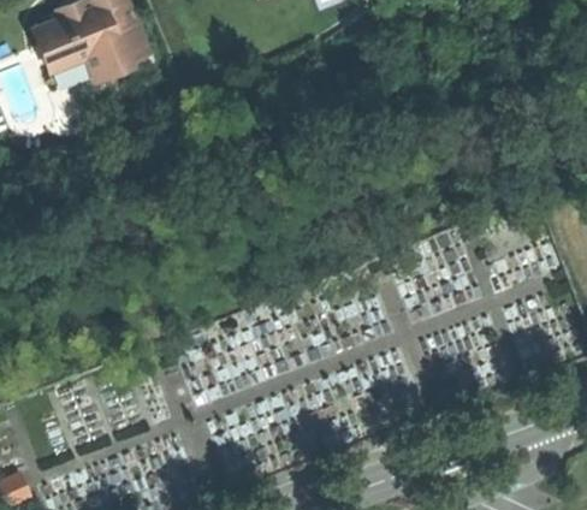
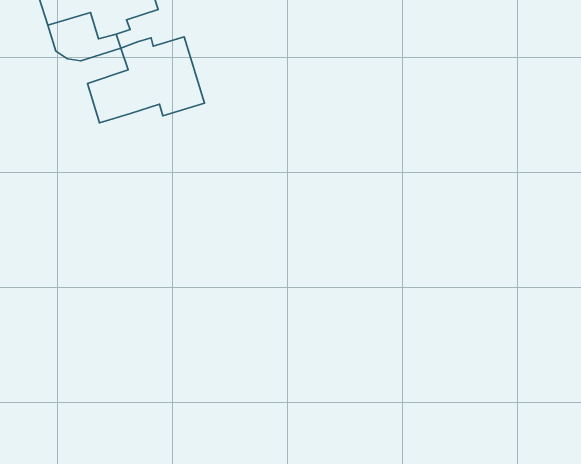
building: none -> [87,37,204,123]

